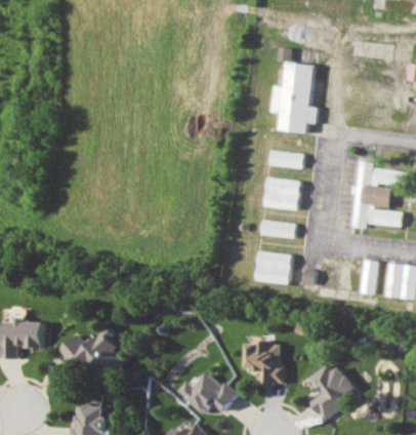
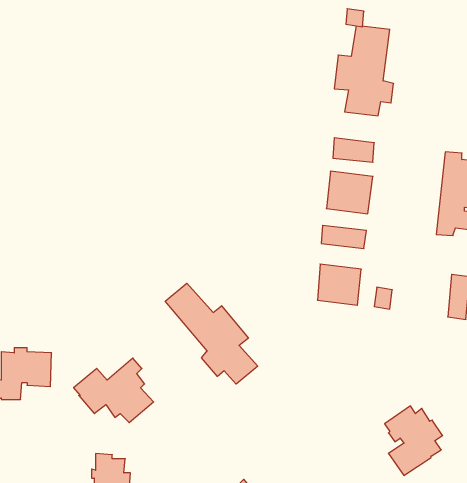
building: none -> [165,283,258,384]
building: [247,341,285,384] -> none
building: [180,372,240,413] -> none

